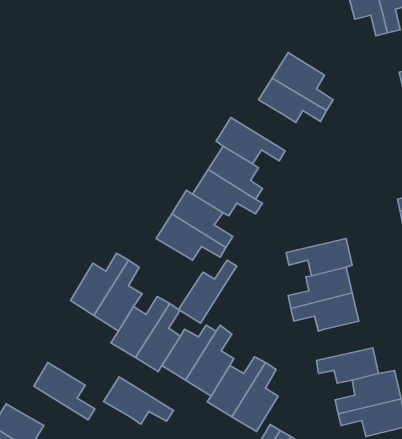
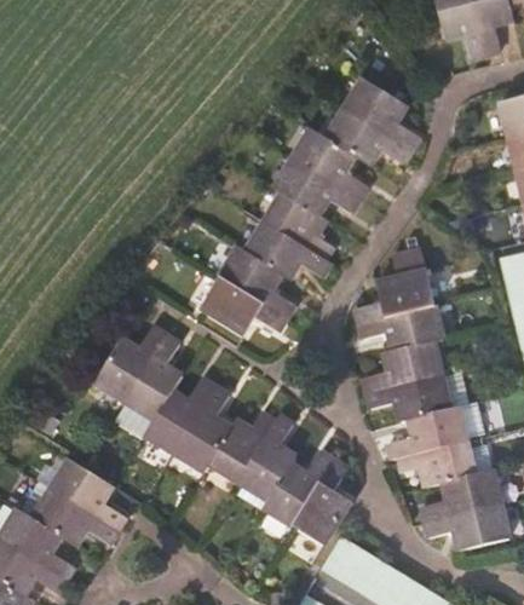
building: none -> [292,127,367,198]
building: none -> [356,271,433,323]
building: [179,260,237,323] -> none
building: none -> [386,405,466,457]
building: [103,377,173,424] -> [30,488,116,546]

